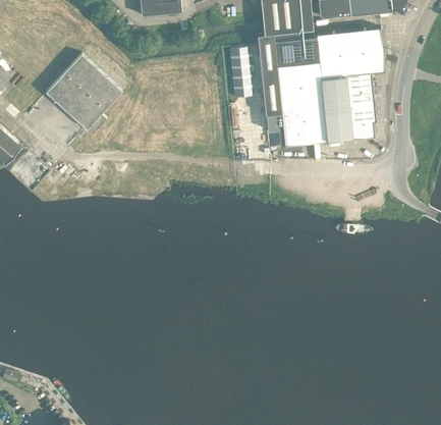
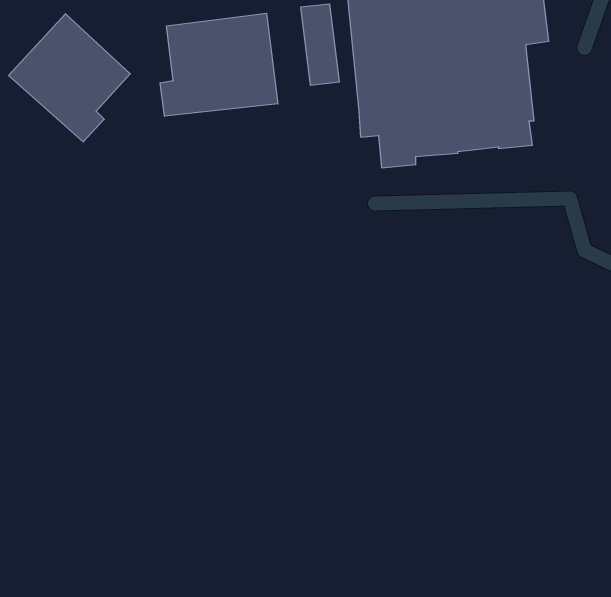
building: none -> [160,13,278,116]

